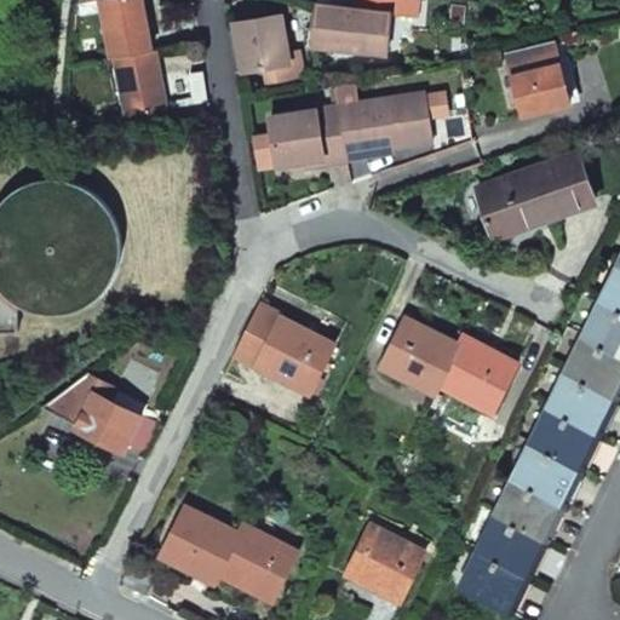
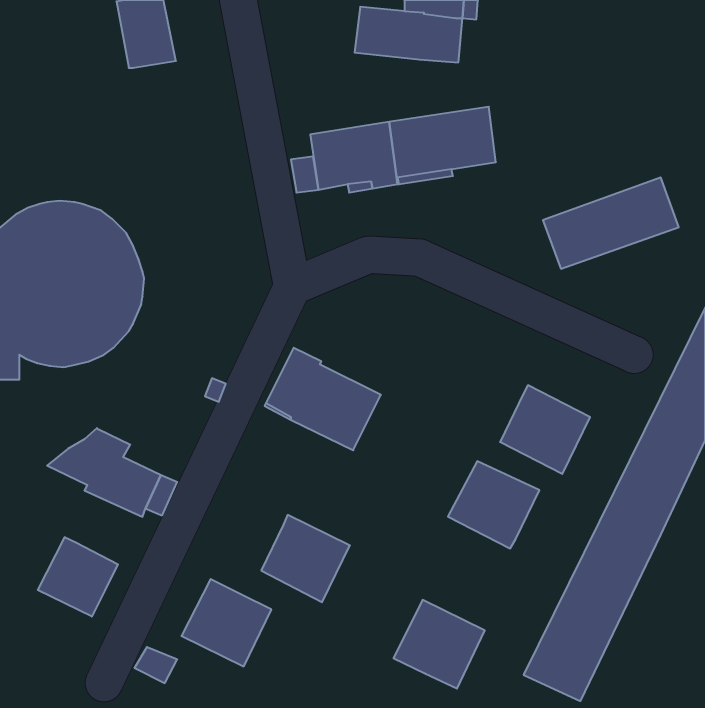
building: [232,16,288,74] -> none
building: [505,36,572,114] -> none
building: [116,52,168,119] -> none
building: [378,318,458,395] -> [448,461,539,548]
building: none -> [38,537,118,617]
building: [218,524,295,601] -> [261,515,350,602]

